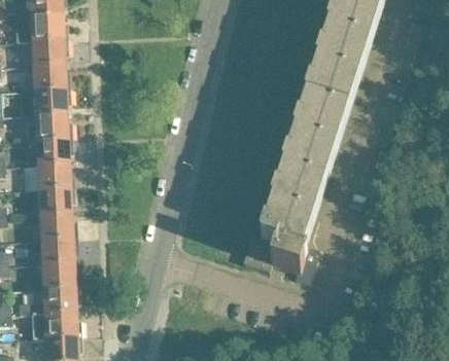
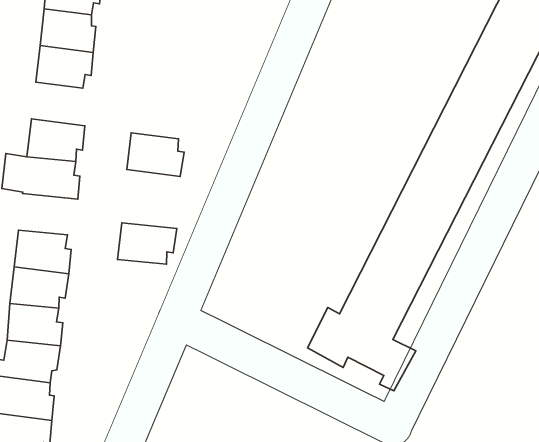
building: [34,112,71,138] -> [127,133,184,176]
building: [37,186,74,213] -> [118,223,177,264]

